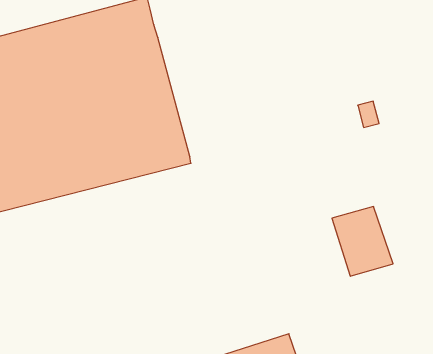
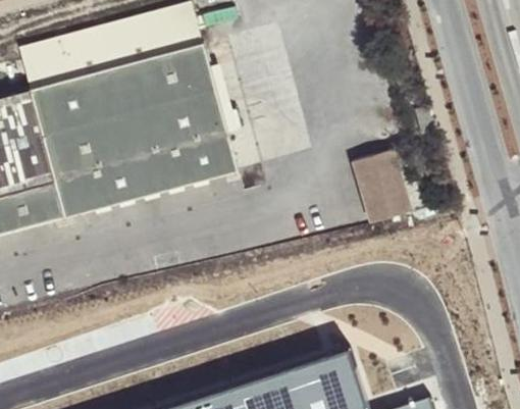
building: [332,207,393,276] -> [349,151,413,224]

